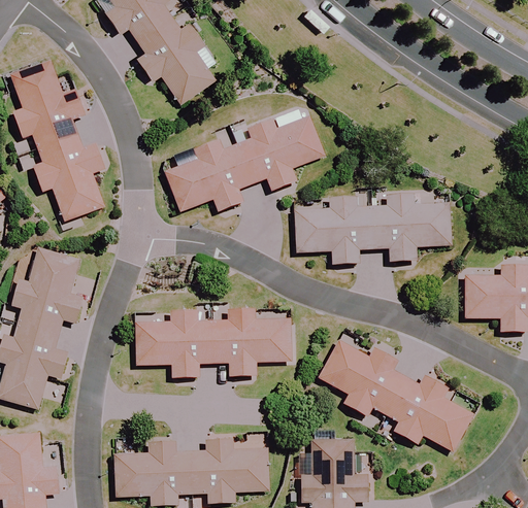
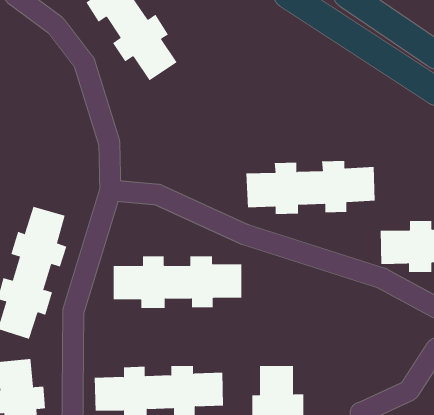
building: [8,59,103,216] -> none
building: [166,115,325,209] -> none
building: [319,340,474,449] -> none

